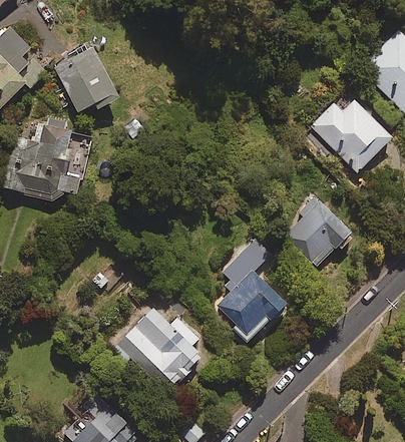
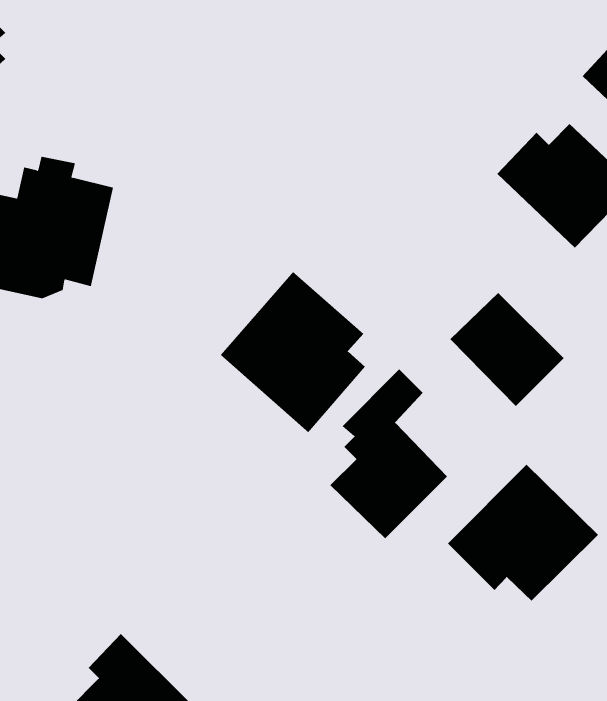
building: [53,45,116,113] -> none
building: none -> [447,464,599,601]
building: [114,297,198,390] -> [220,271,366,433]

